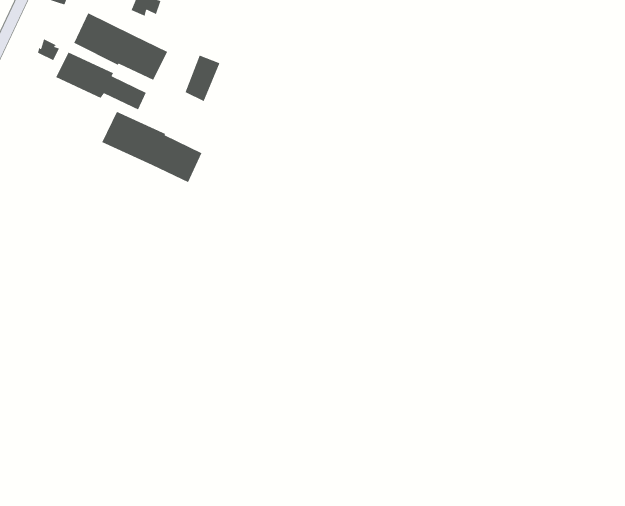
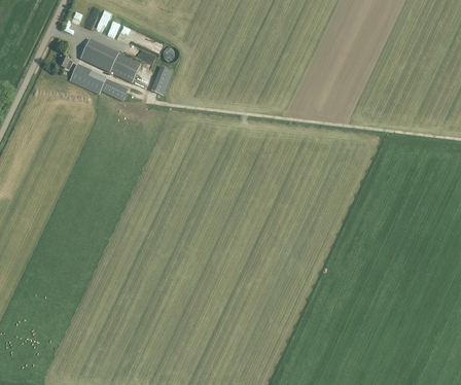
building: [101,111,202,183] -> none

